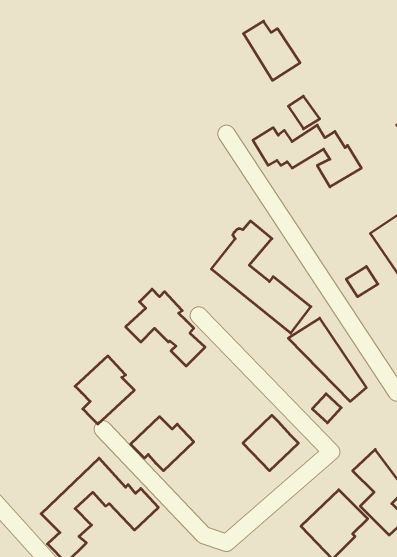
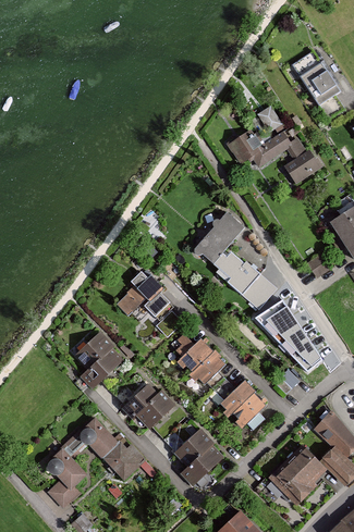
building: [243,21,300,80] -> [292,54,341,106]
building: none -> [171,334,225,385]
building: none -> [173,425,224,485]

